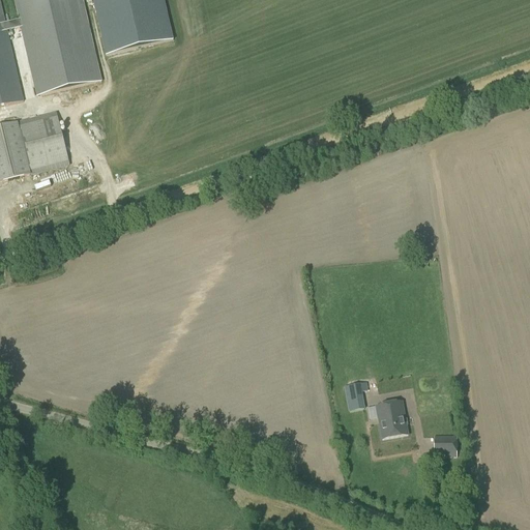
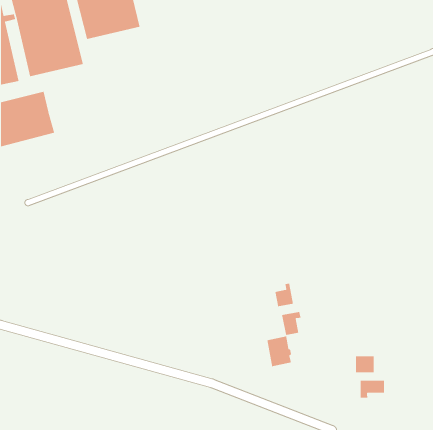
building: none -> [275,283,294,307]
building: [378,401,409,439] -> [266,336,292,367]
building: none -> [360,380,385,399]

